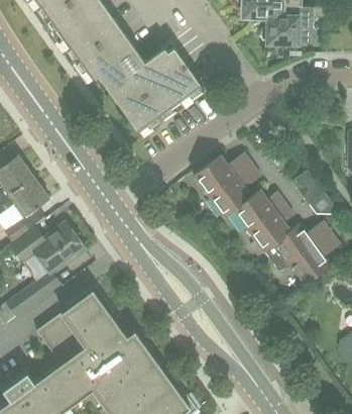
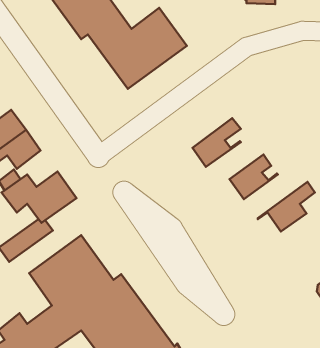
building: [195,152,252,196] -> none
building: [292,170,325,204] -> none
building: [224,190,285,229] -> none
building: [264,221,332,271] -> none

